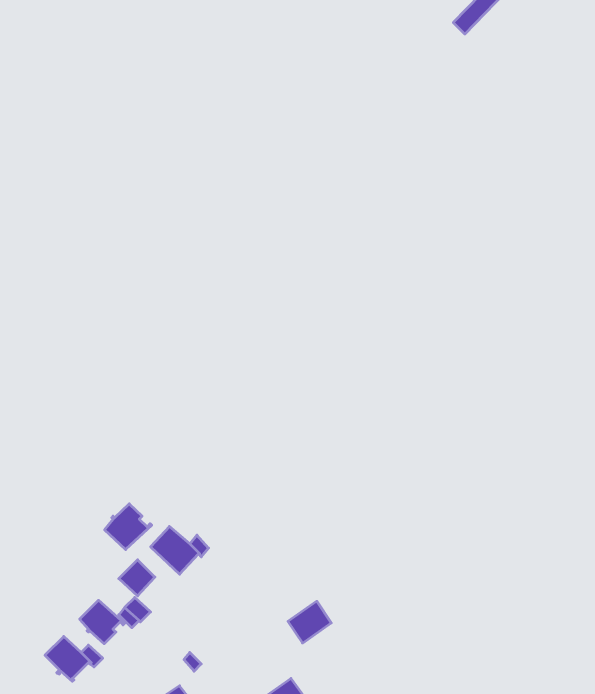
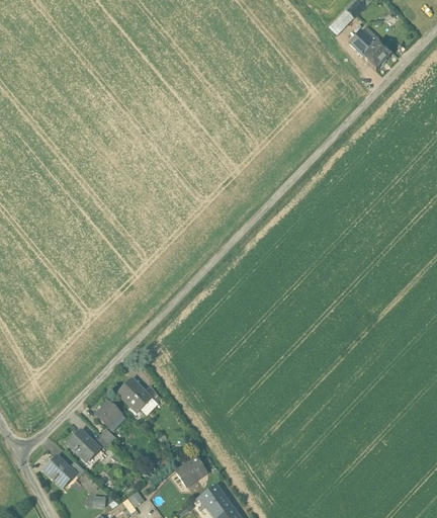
building: none -> [350,30,391,69]
building: [105,504,152,550] -> none
building: [288,601,331,643] -> [176,456,206,486]

